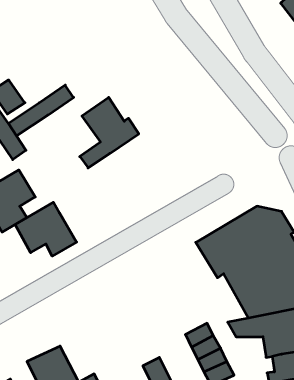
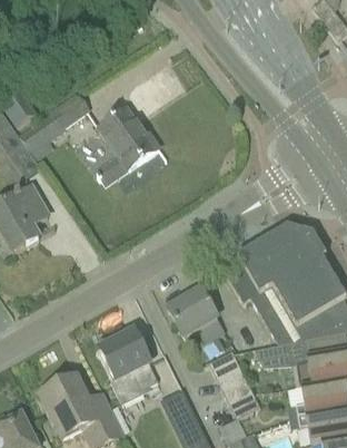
building: [15,202,77,256] -> none
building: none -> [167,288,225,349]
building: none -> [100,330,158,401]

